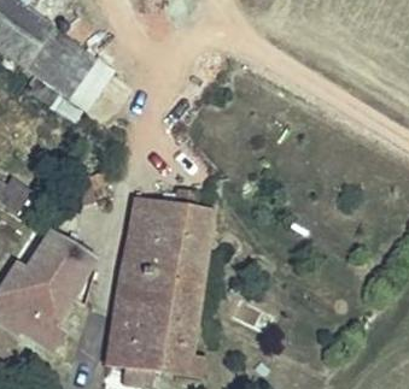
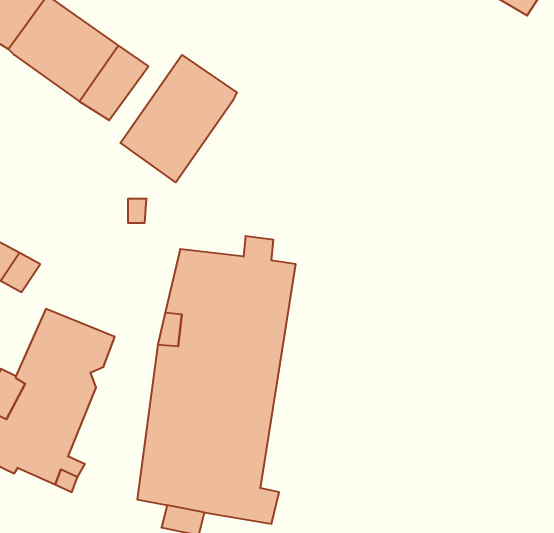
building: none -> [120,55,237,182]

